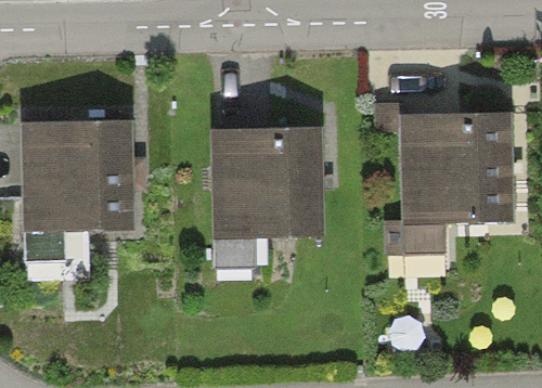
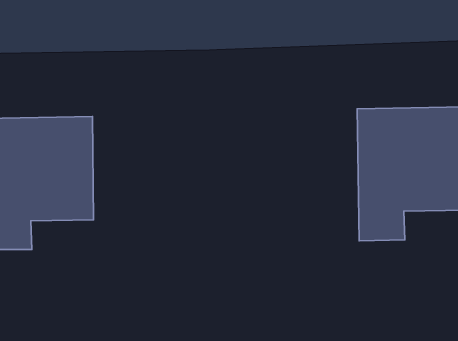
building: [211,131,324,268] -> none

